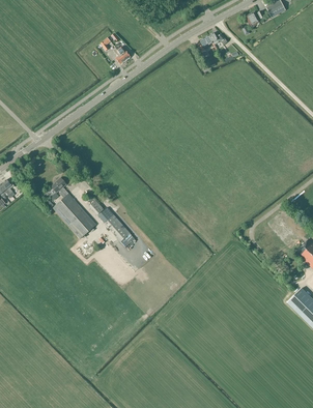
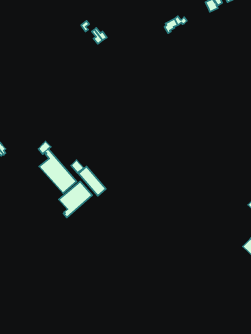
building: none -> [59,182,92,218]

